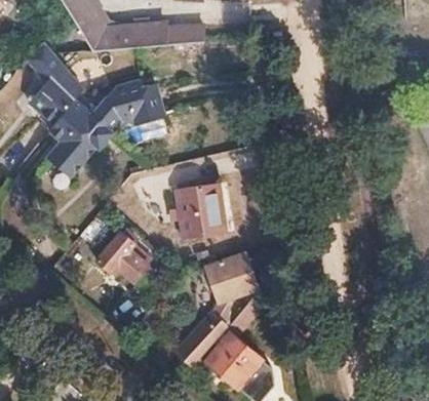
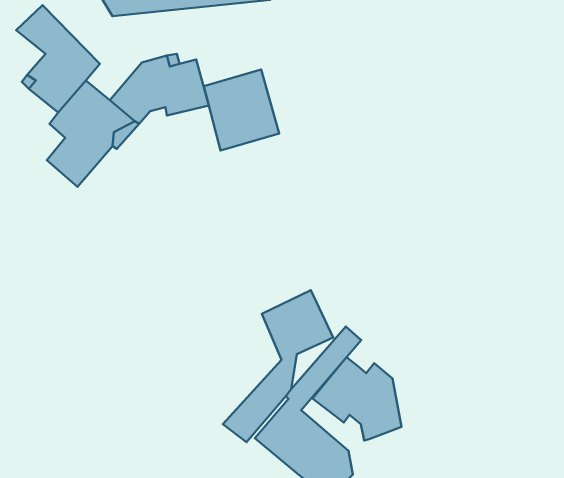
building: [178,183,233,242] -> [204,69,279,150]
building: [95,231,145,278] -> none
building: none -> [312,357,402,440]

